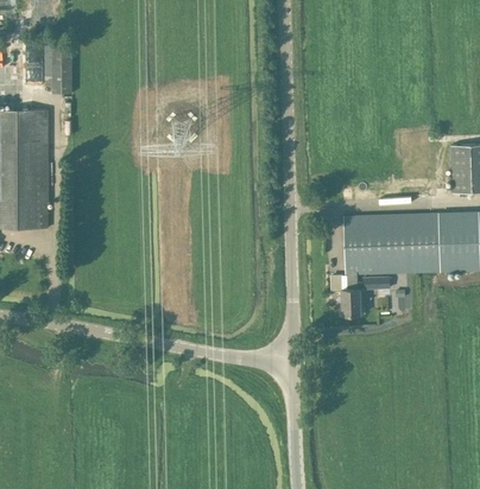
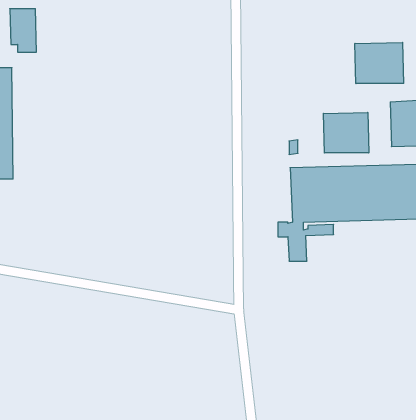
building: none -> [355,42,404,84]
building: none -> [323,112,369,153]

